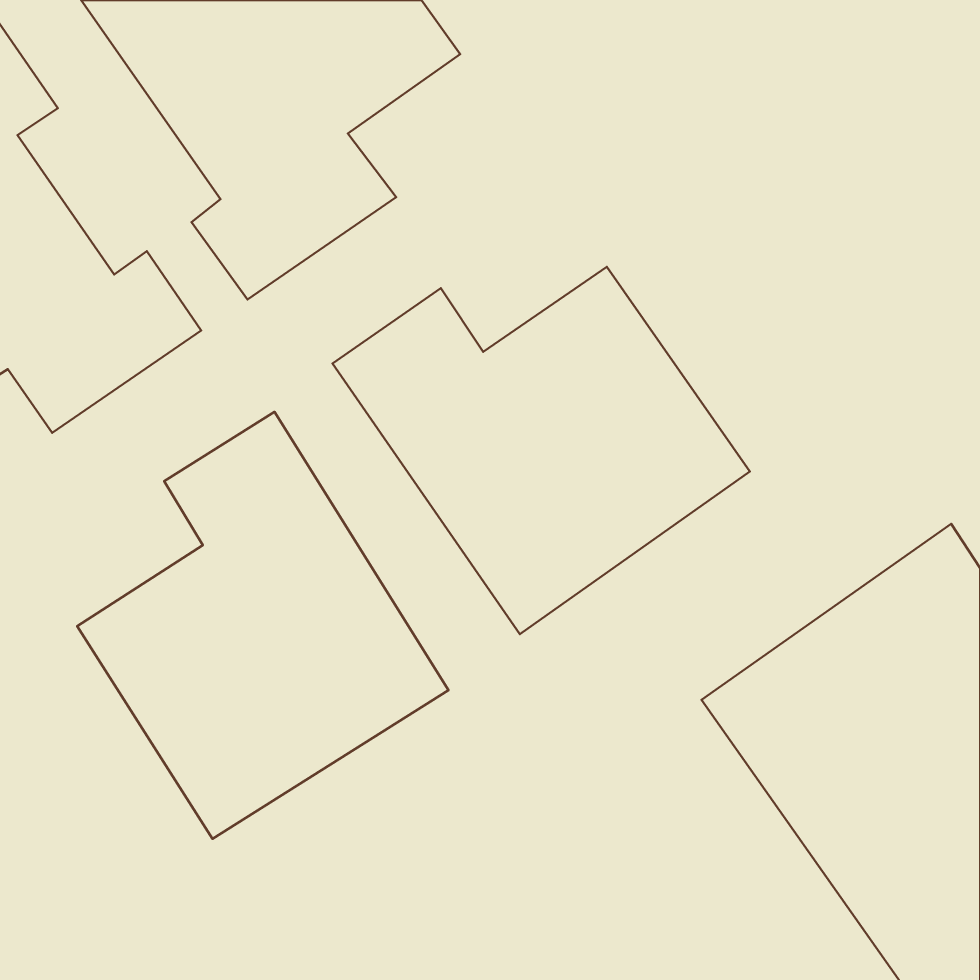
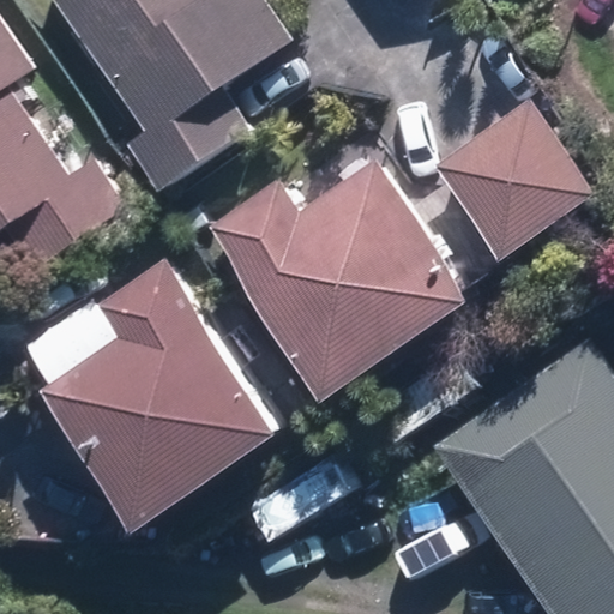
building: none -> [434,100,595,260]

